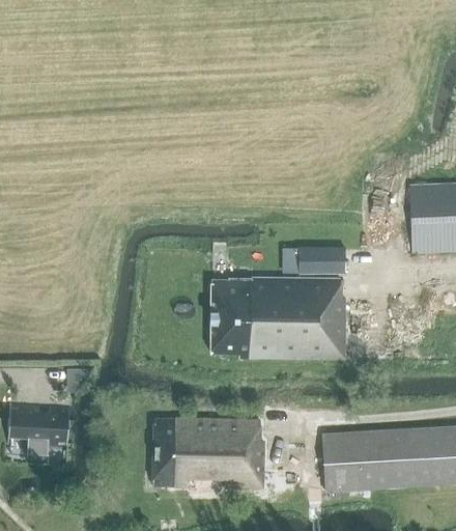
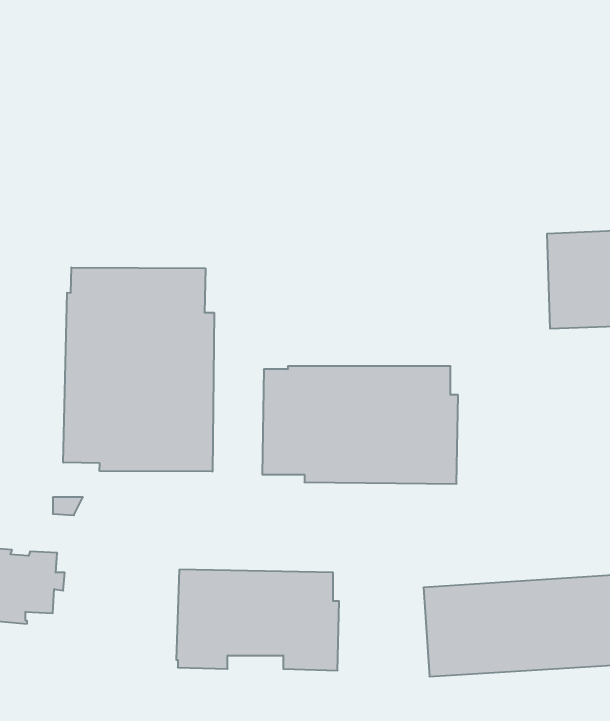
building: none -> [63,267,214,472]
building: [300,251,344,274] -> none

